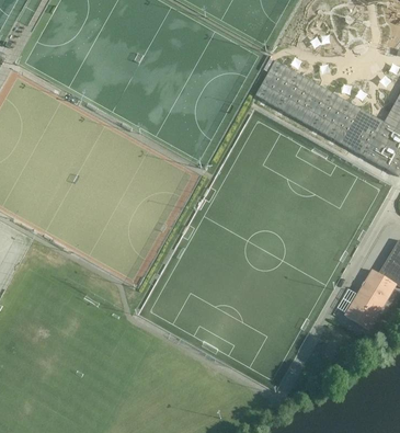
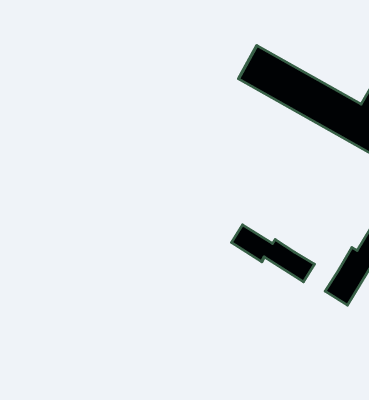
building: none -> [232,225,314,282]

